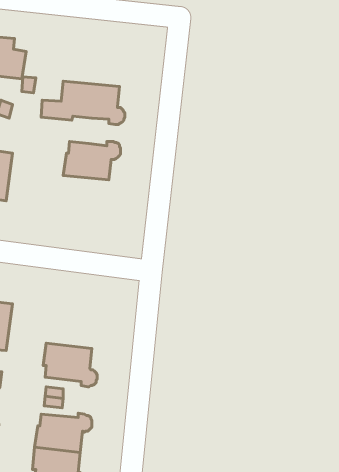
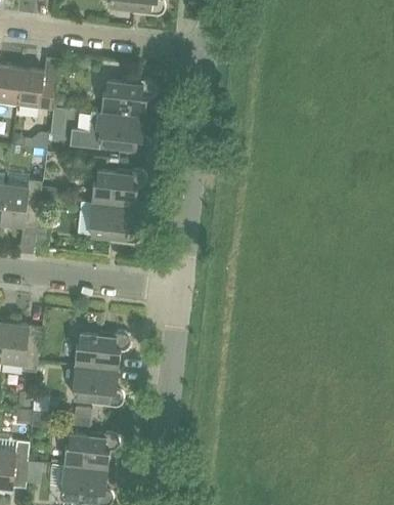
building: none -> [100,80,156,117]
building: none -> [77,201,140,244]
building: none -> [74,333,129,370]

